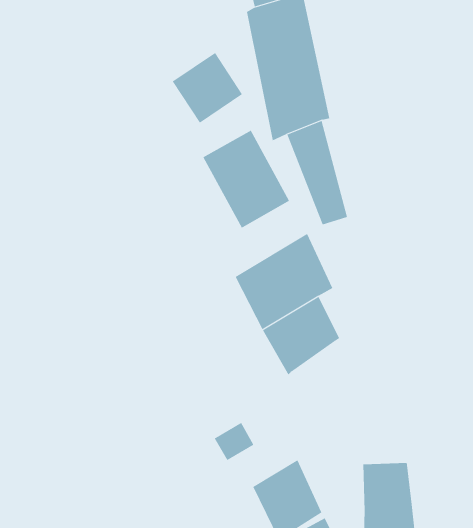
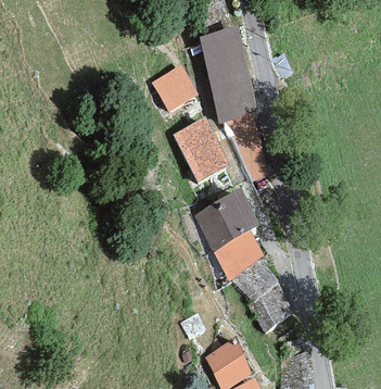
building: none -> [231,259,292,332]

